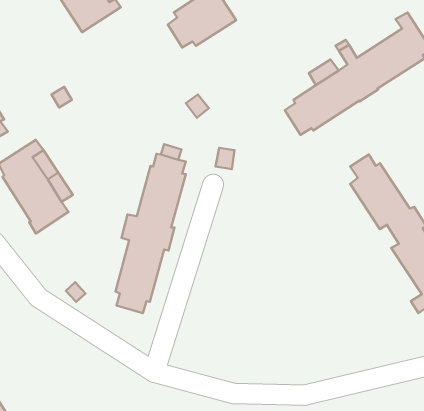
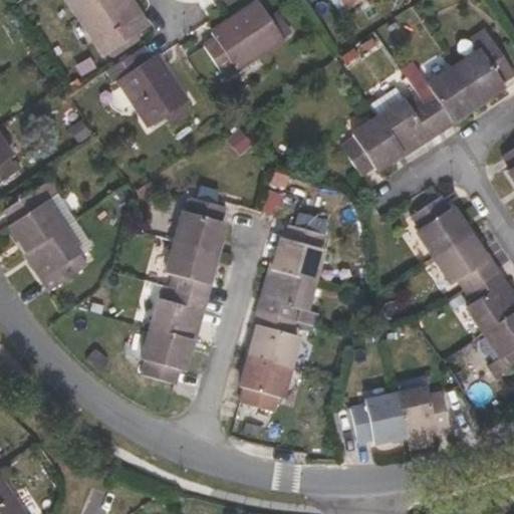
building: none -> [106,47,192,125]
building: none -> [240,224,323,411]
building: none -> [350,389,450,441]

